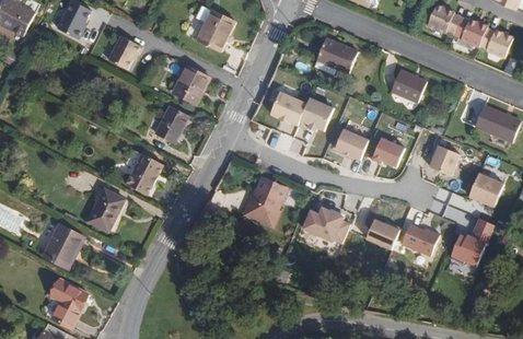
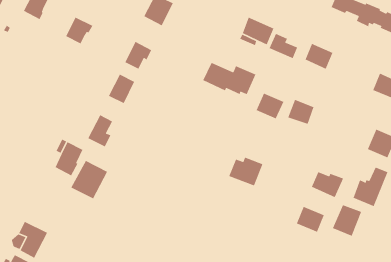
building: none -> [269,33,298,59]
building: [430,144,462,176] -> none
building: [242,174,291,229] -> none
building: [367,217,402,249] -> [296,206,325,233]
building: [40,221,86,269] -> [70,160,108,200]
building: none -> [332,204,362,237]

